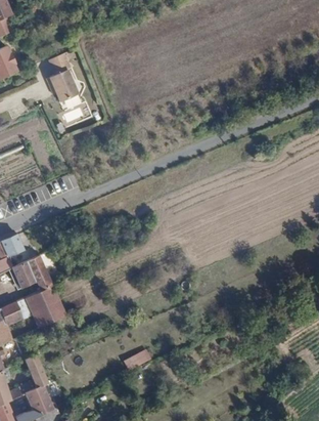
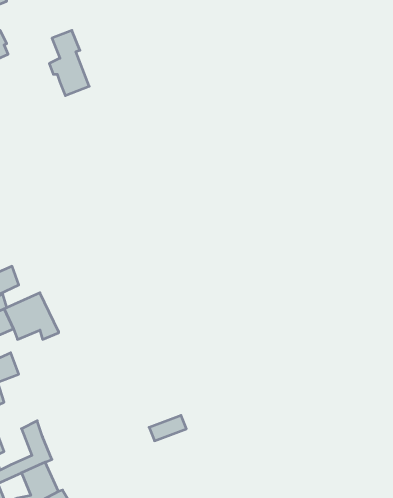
building: [28,286,67,327] -> none

